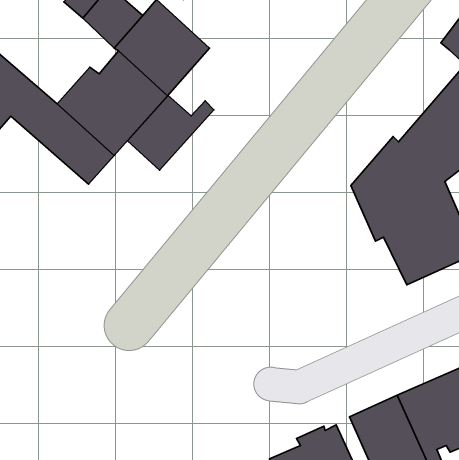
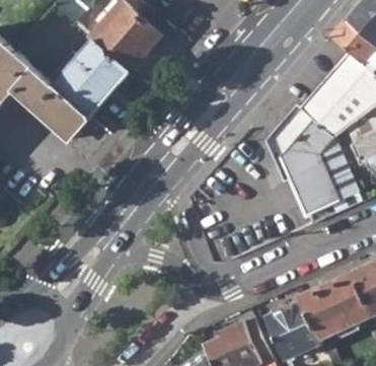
building: [127,95,214,170] -> none

